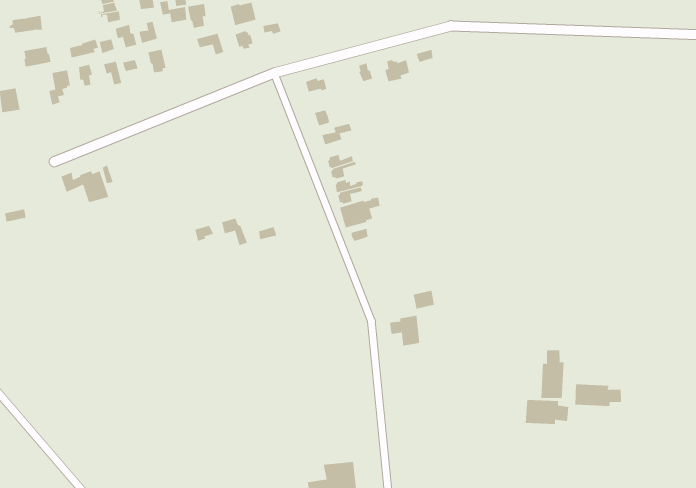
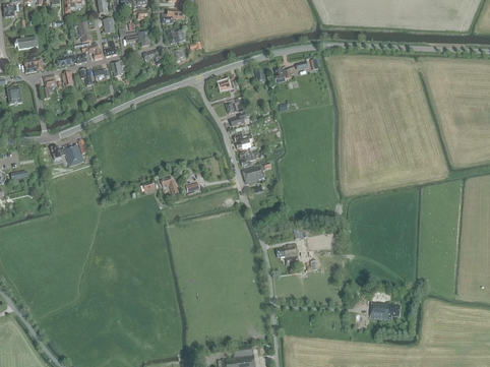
building: [541,349,564,399] -> none
building: [575,383,621,407] -> none

